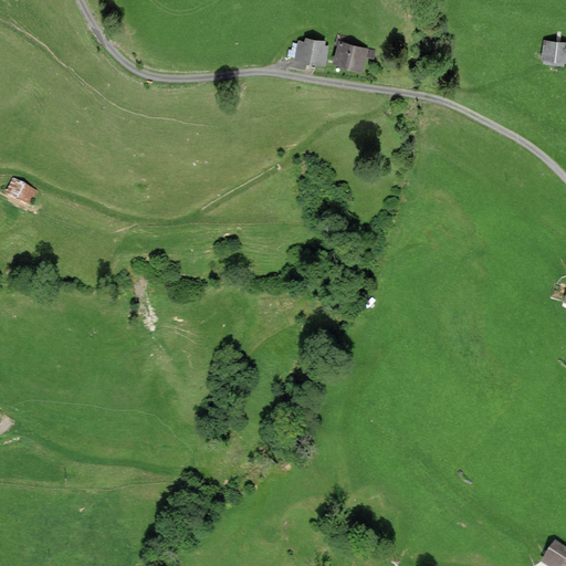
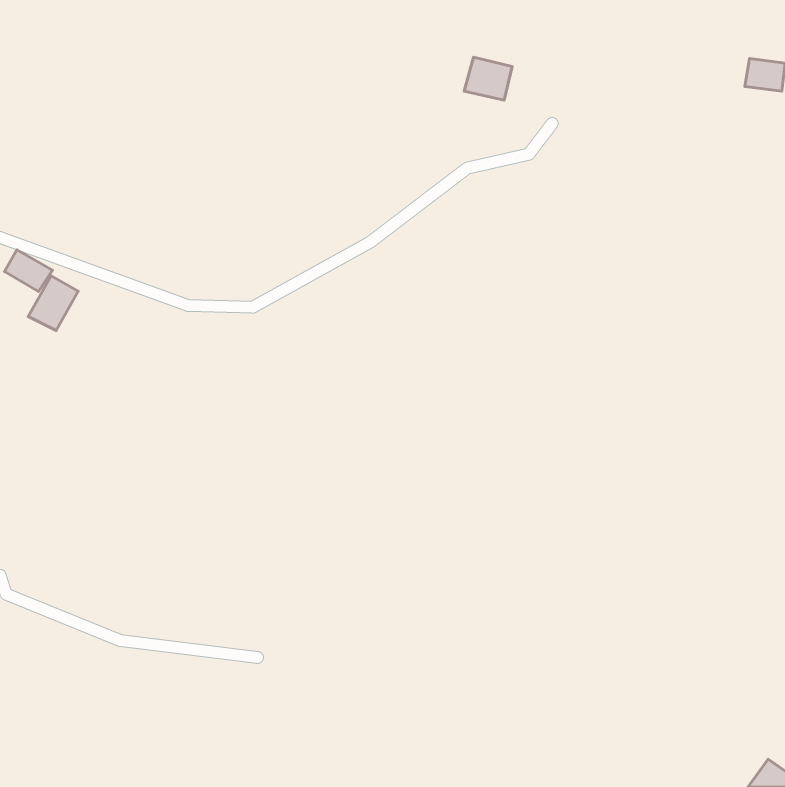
building: [297,36,331,65] -> none
building: none -> [28,276,78,331]

